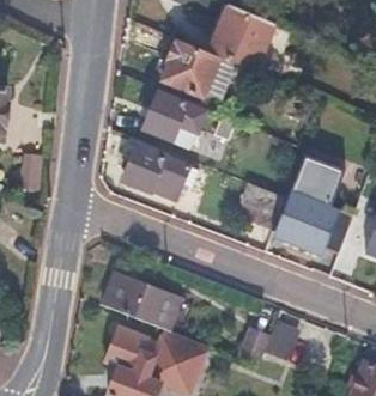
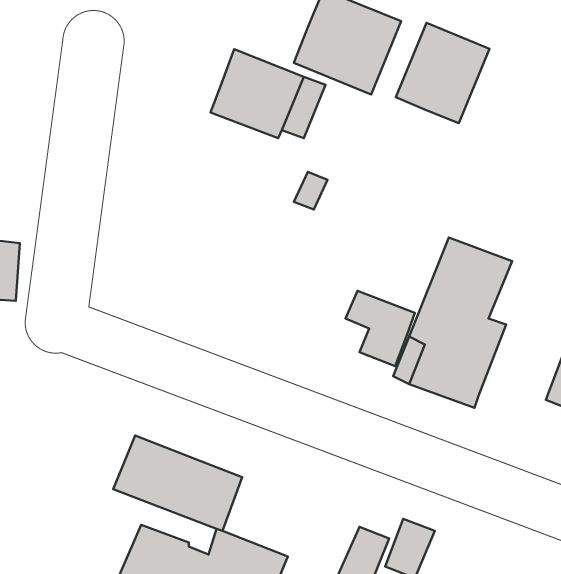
building: none -> [396,23,489,123]
building: [141,92,200,142] -> none
building: [122,144,187,199] -> none

